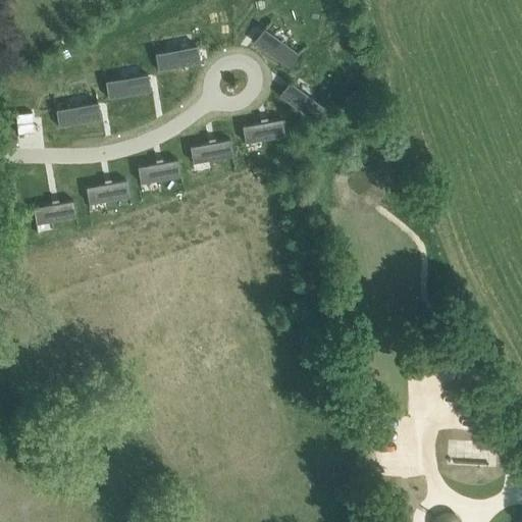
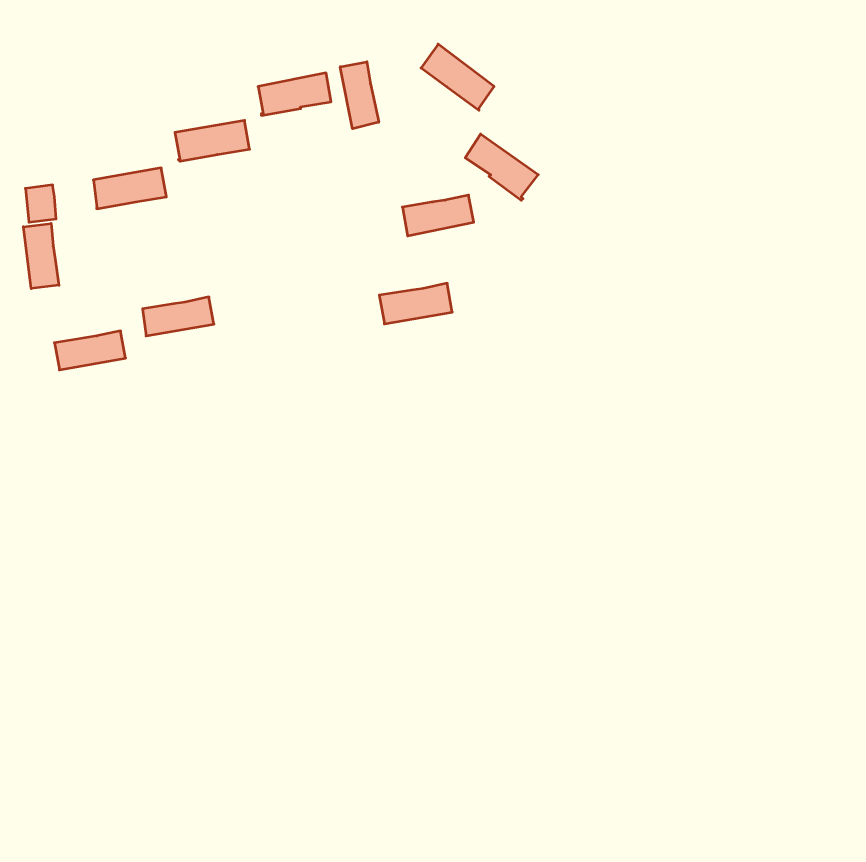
building: none -> [340,62,379,129]
building: none -> [23,223,59,289]
building: [190,141,233,165] -> [379,283,452,324]
building: [138,161,180,185] -> none

